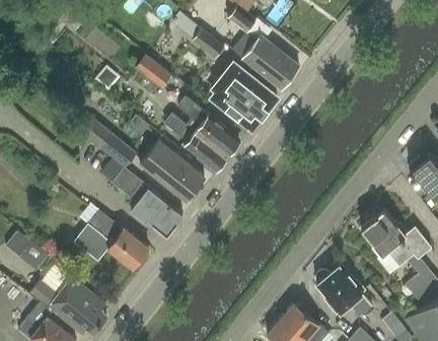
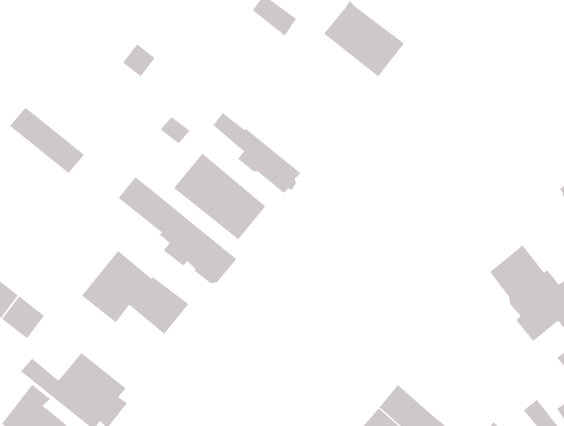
building: [136,55,171,88] -> none
building: [213,62,277,129] -> none
building: [177,96,238,155] -> none
building: [84,121,137,167] -> [9,107,85,174]
building: [314,265,371,315] -> none

